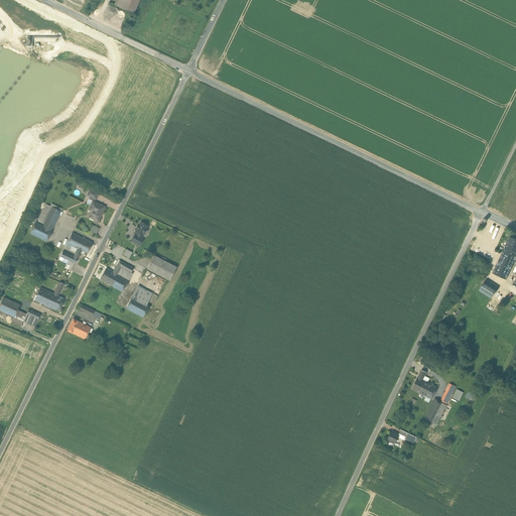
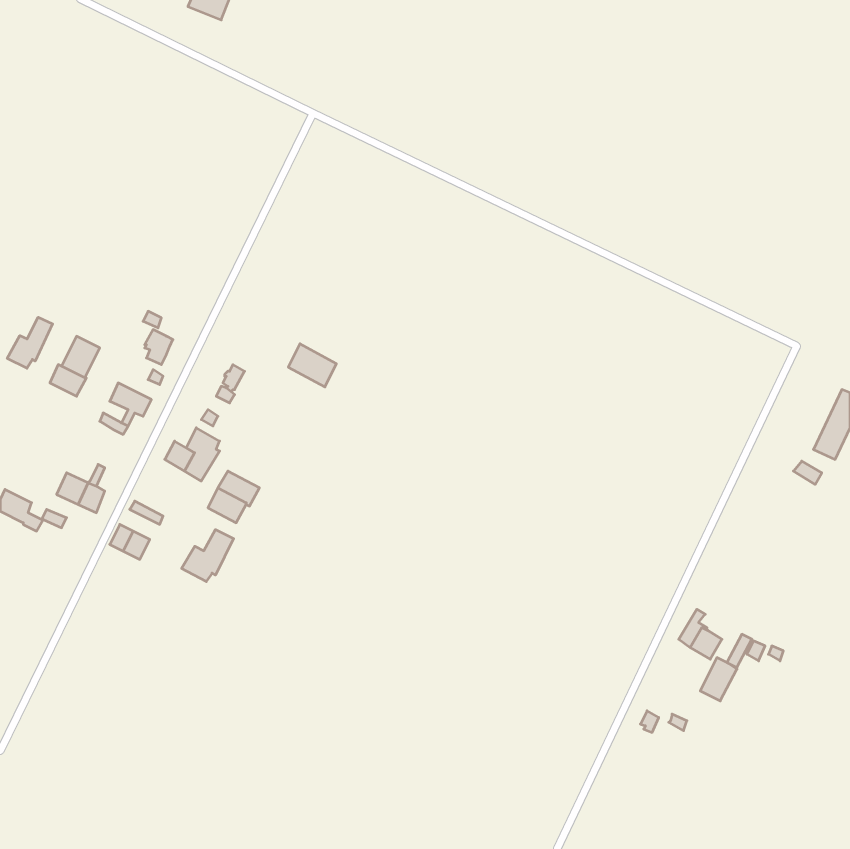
building: none -> [7,317,53,368]
building: [147,254,176,280] -> [288,344,336,387]
building: none -> [182,530,234,582]

